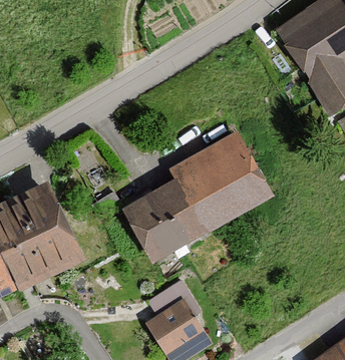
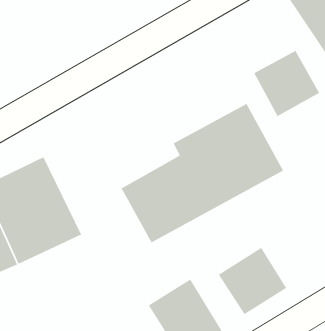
building: none -> [253,50,320,117]
building: none -> [218,247,287,315]

